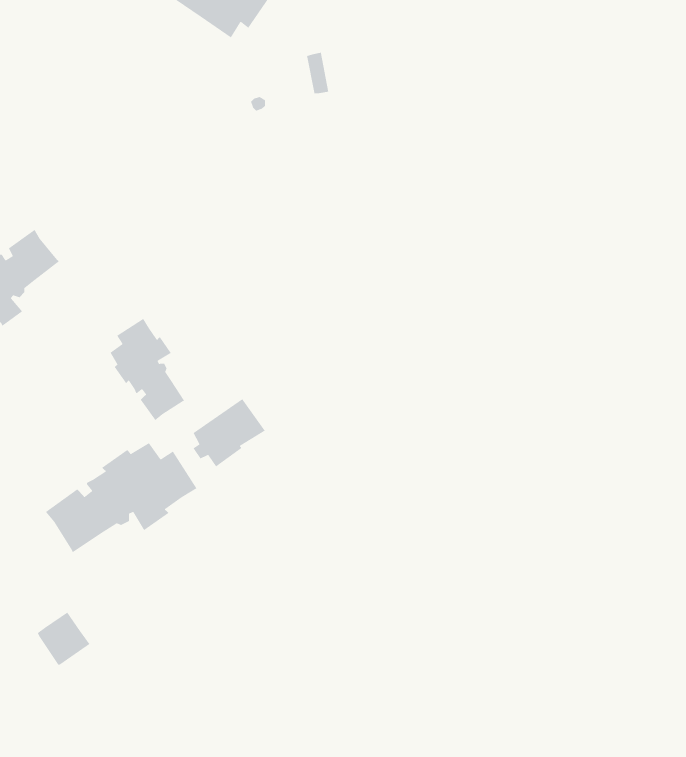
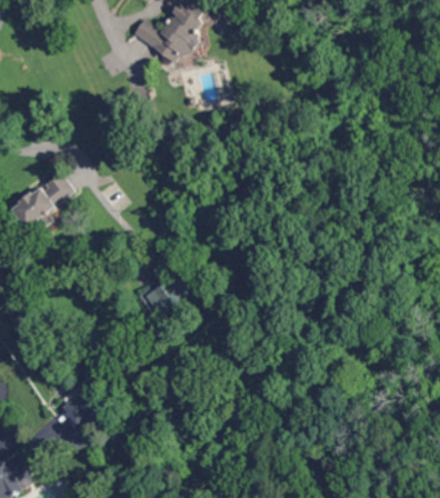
building: [109,318,185,421] -> none
building: [45,442,197,553] -> none

